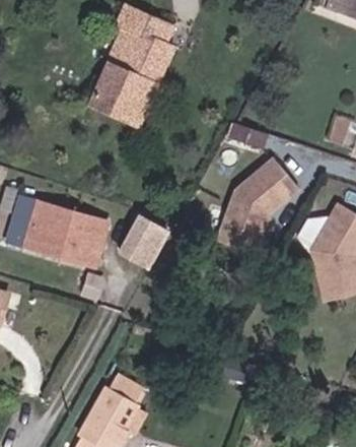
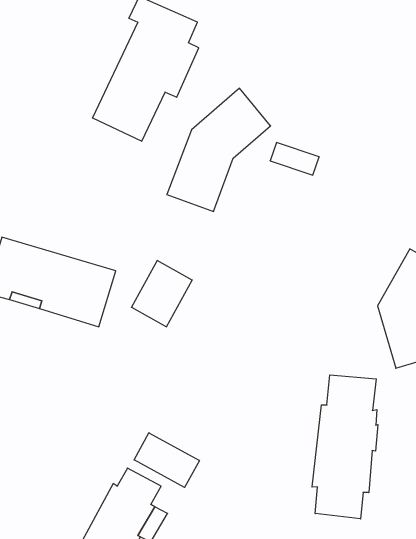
building: [217,156,298,253] -> [167,88,271,211]
building: none -> [312,375,378,519]
building: none -> [134,433,199,487]

